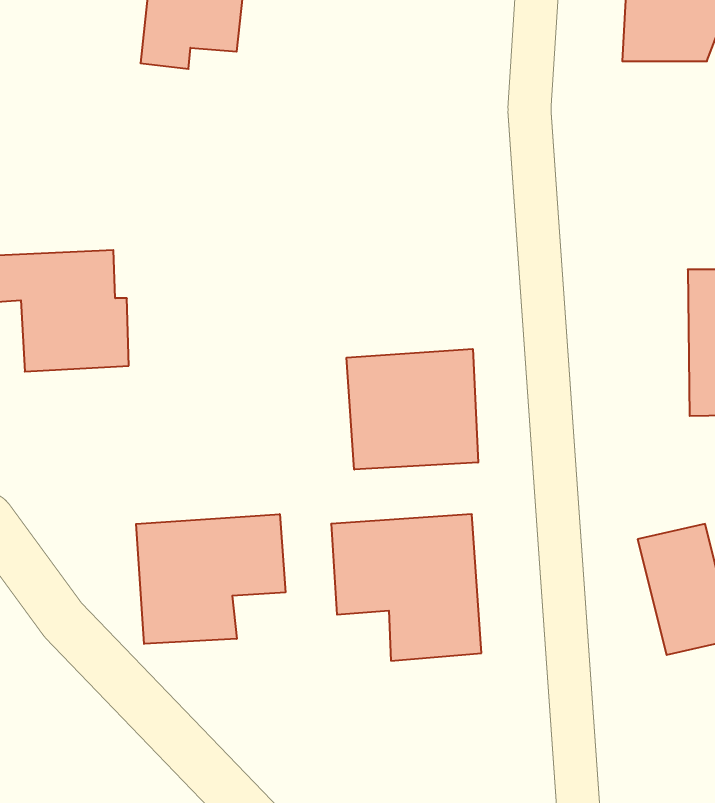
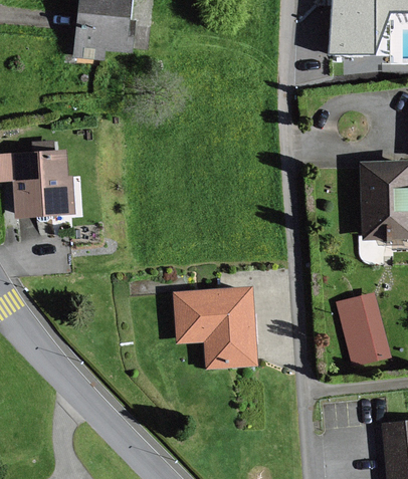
building: [347,349,478,470] -> none
building: [136,514,285,644] -> none

